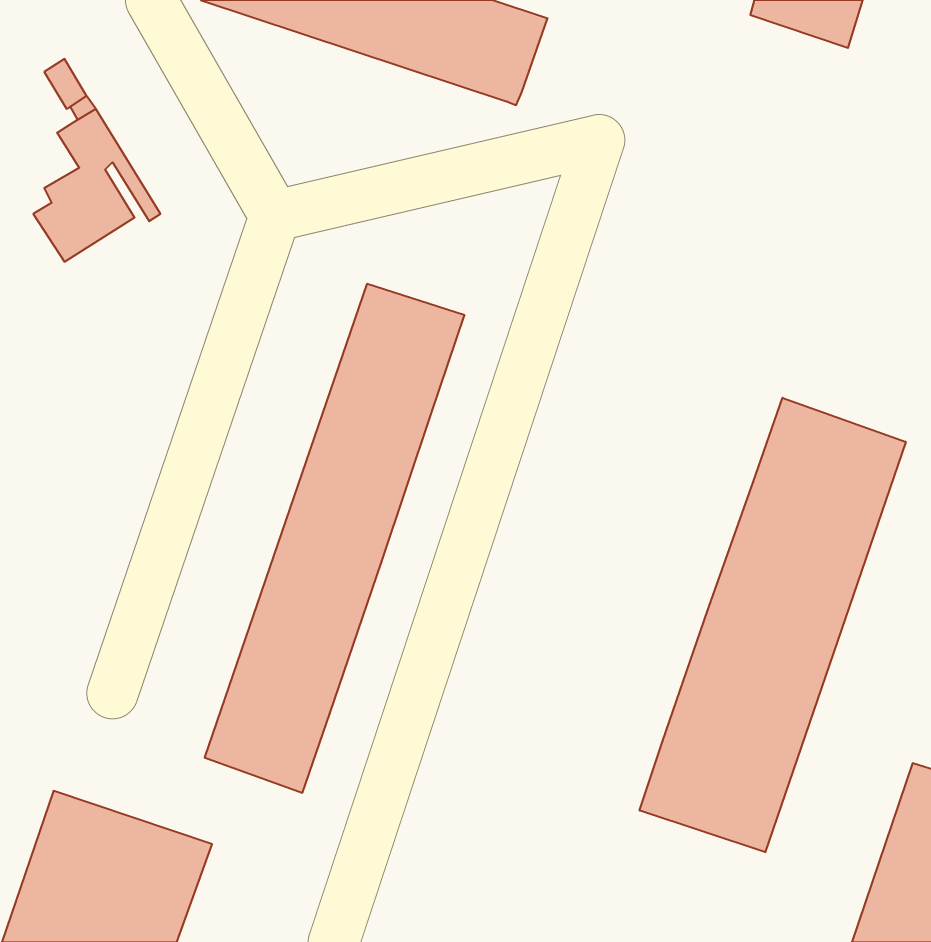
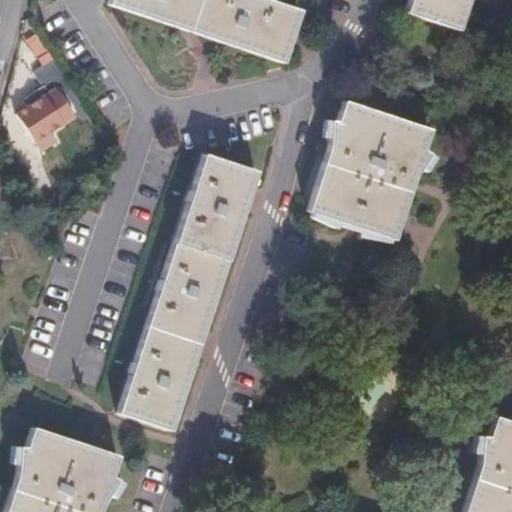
building: none -> [310,101,431,239]
building: [640,398,906,852] -> none

